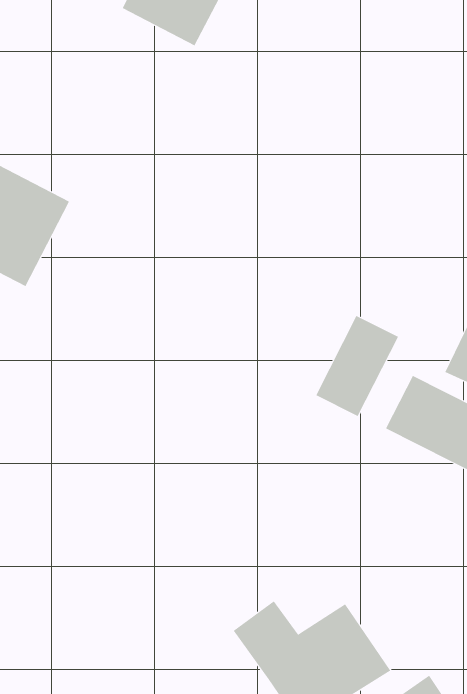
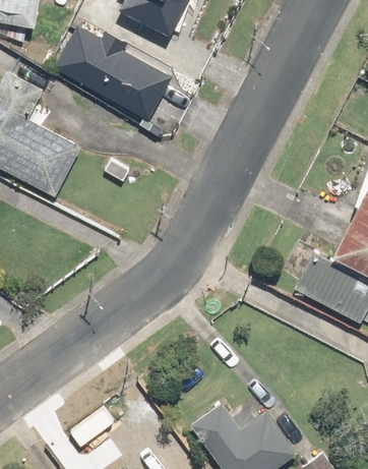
building: none -> [56,26,172,121]
building: [315,315,399,417] -> none

